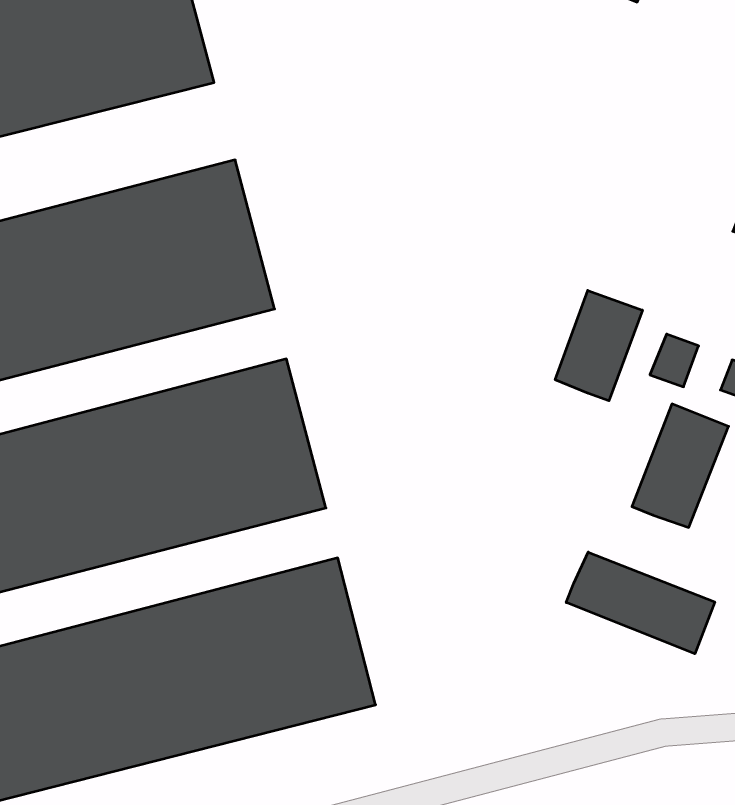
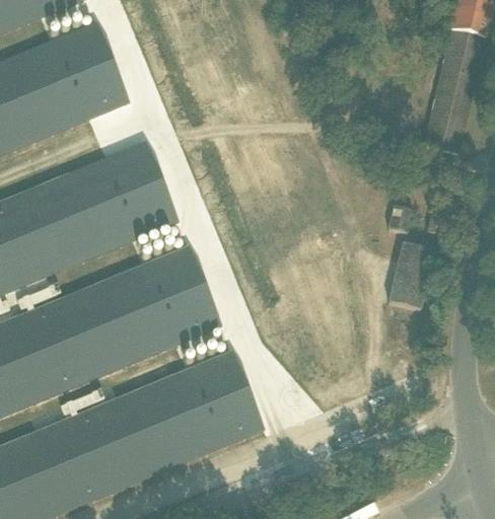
building: [555,290,642,401] -> none
building: [566,552,715,654] -> none

